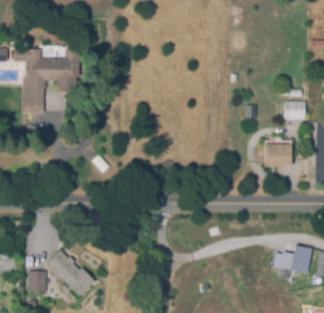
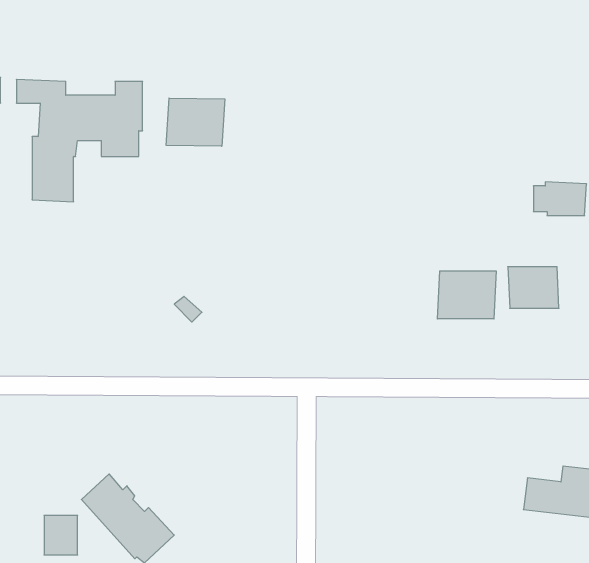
building: none -> [166,98,225,146]
building: none -> [437,271,496,319]

